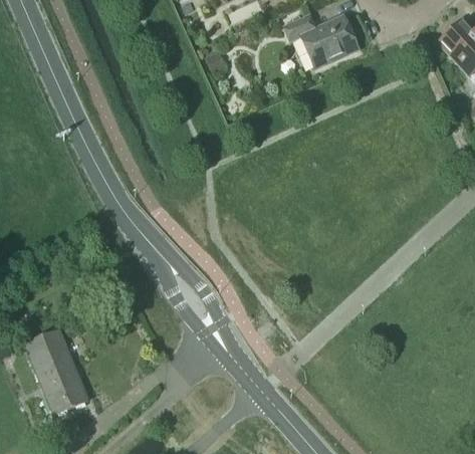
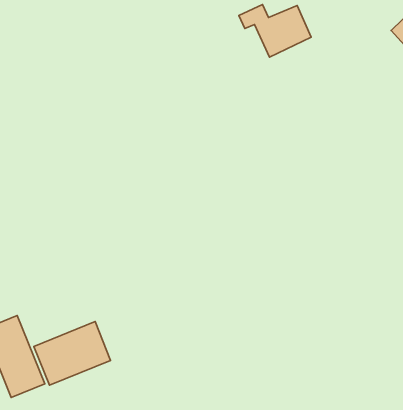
building: none -> [34,322,111,385]

